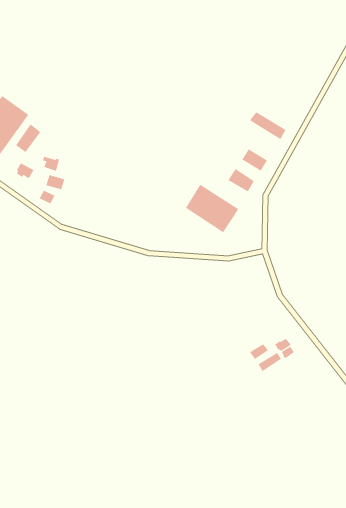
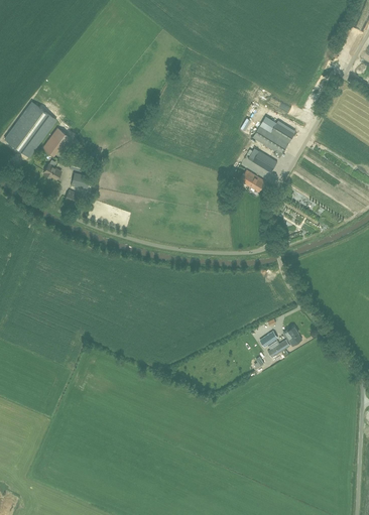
building: none -> [252,125,287,157]
building: [185,184,239,233] -> none

